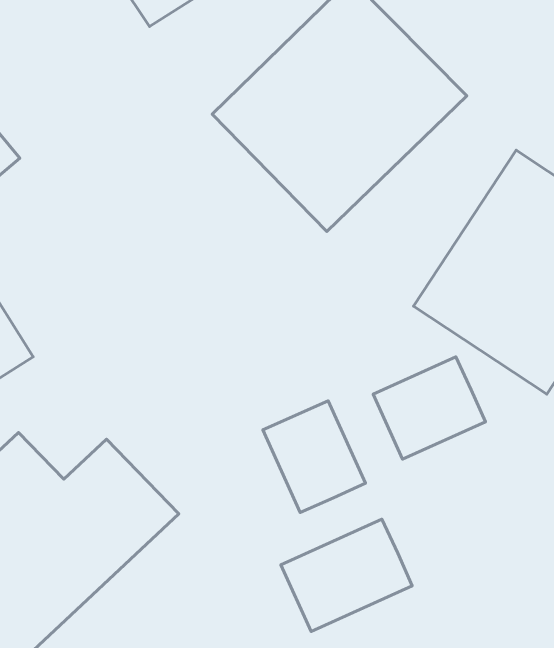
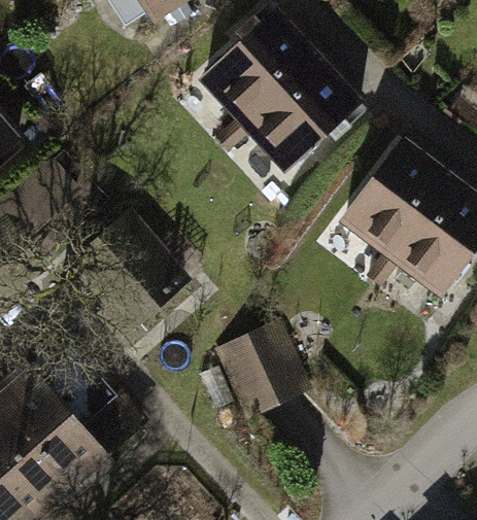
building: [373,357,485,459] -> none
building: [281,519,412,632] -> none

